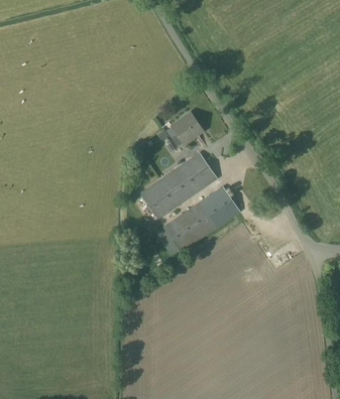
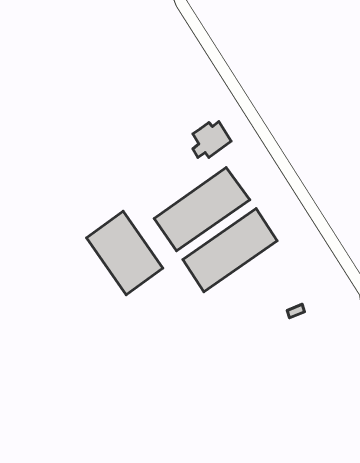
building: none -> [86,211,163,295]

